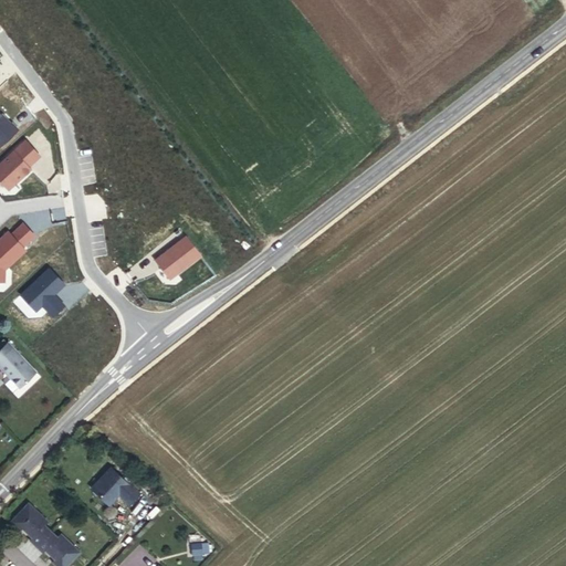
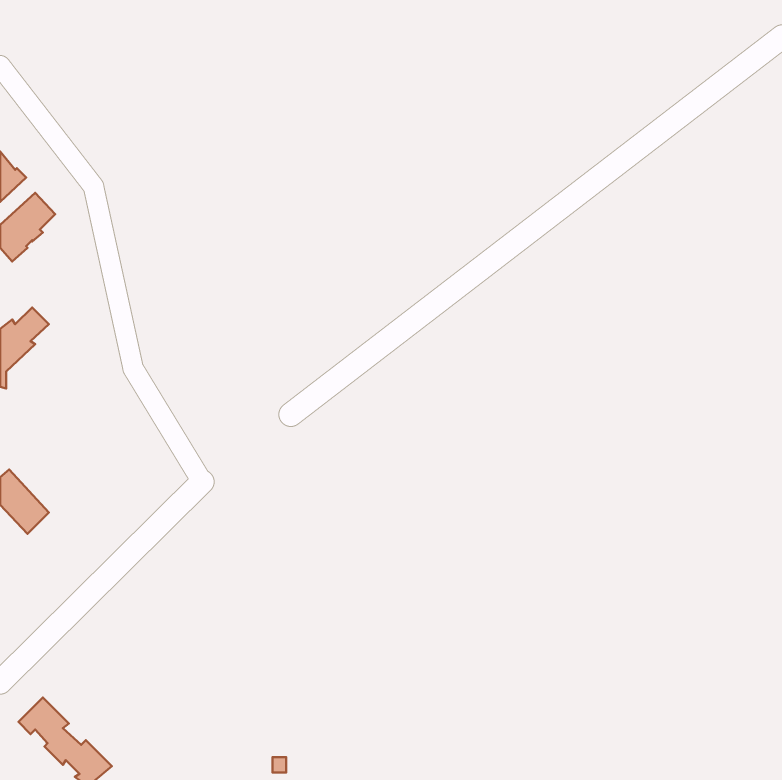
building: [155,237,200,280] -> none
building: [21,269,64,316] -> none
building: [93,468,140,506] -> none

